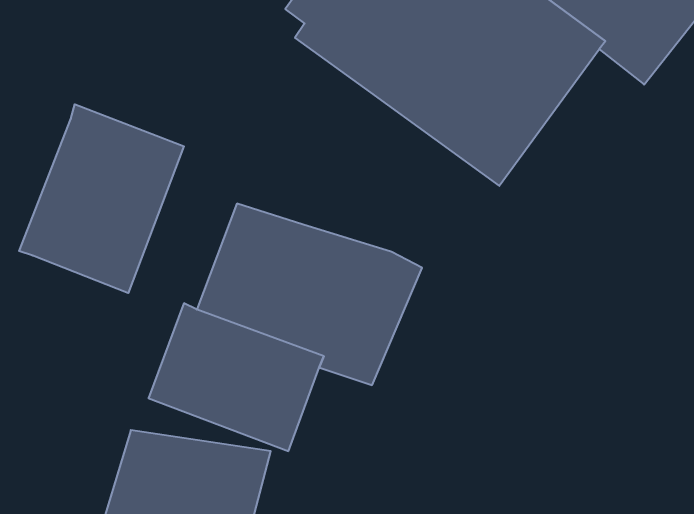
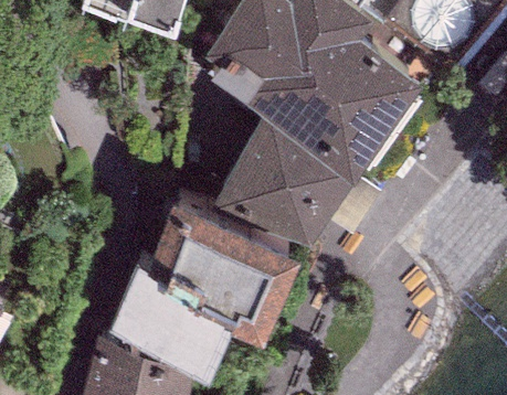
building: none -> [226,90,361,215]
building: [19,104,184,293] -> none

